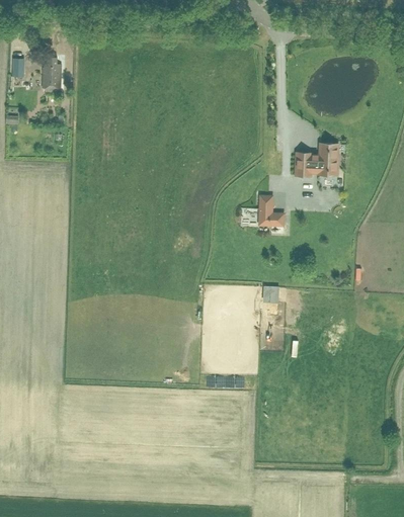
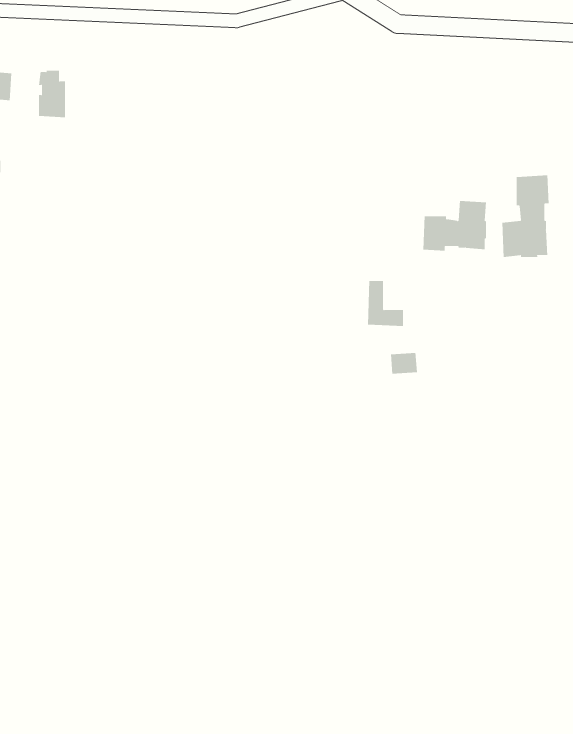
building: none -> [502,175,549,258]

